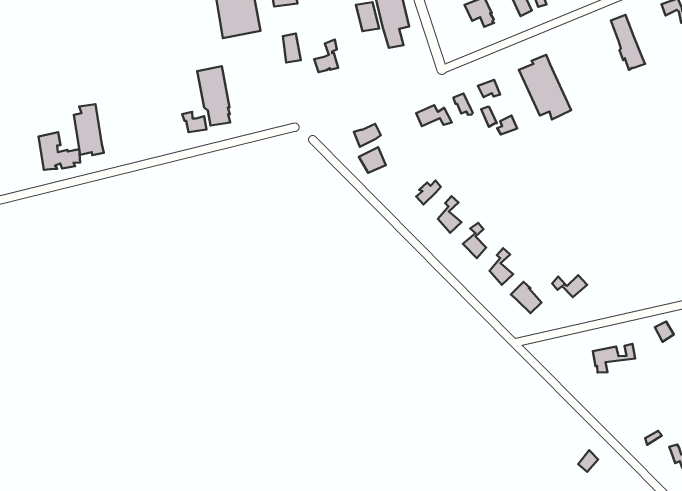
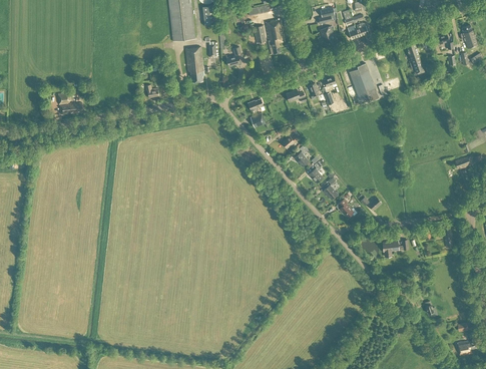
building: [197,66,230,125] -> [185,46,203,81]
building: [74,104,104,155] -> none

